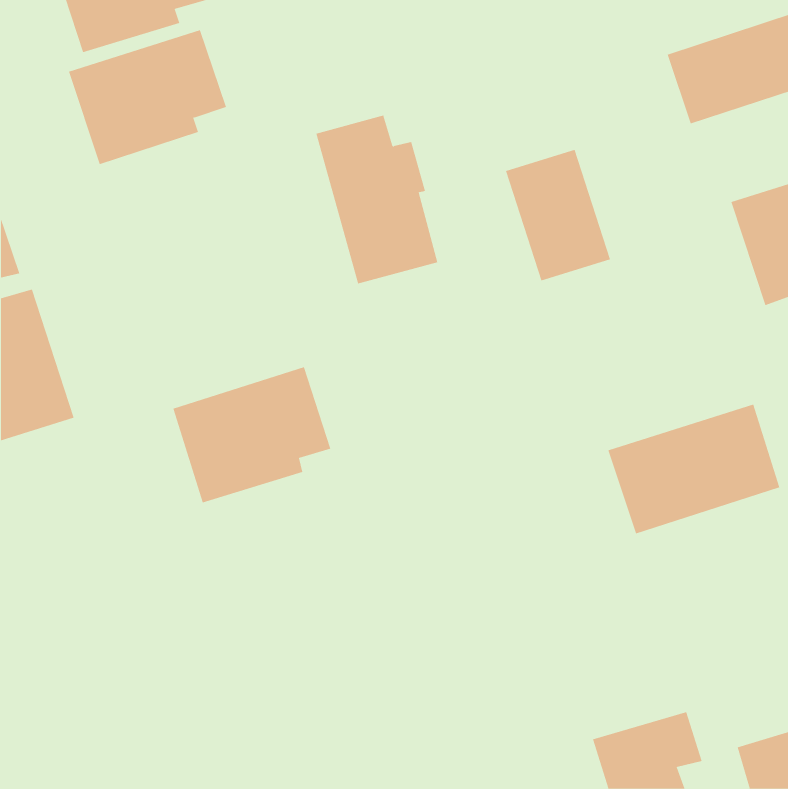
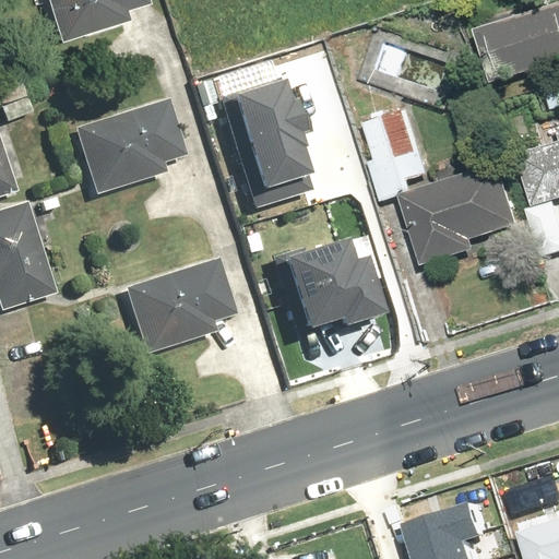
building: [68,30,227,165] -> [75,99,187,194]
building: none -> [275,233,381,324]
building: [608,404,780,534] -> [404,168,525,260]

